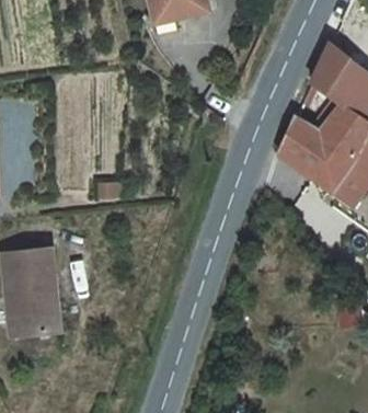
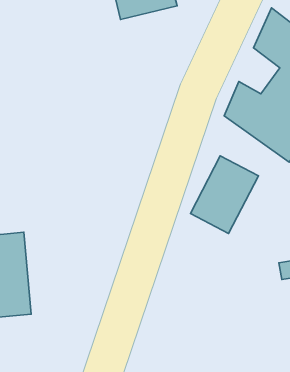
building: none -> [190,156,258,233]

